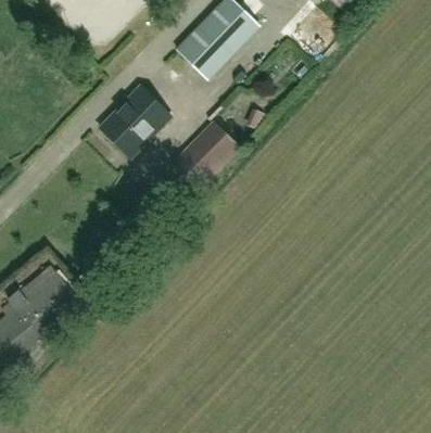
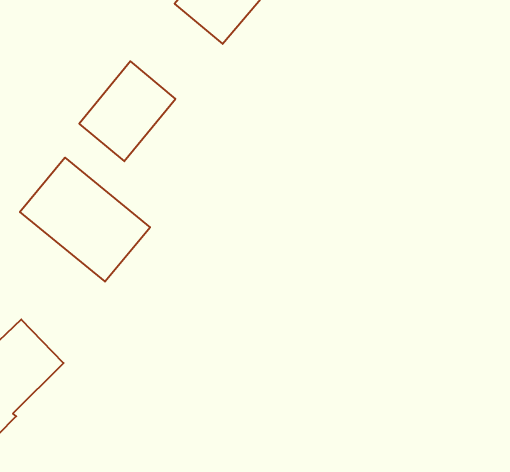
building: [175,122,241,189] -> none
building: none -> [20,158,150,282]

